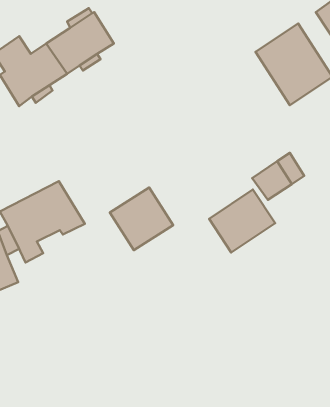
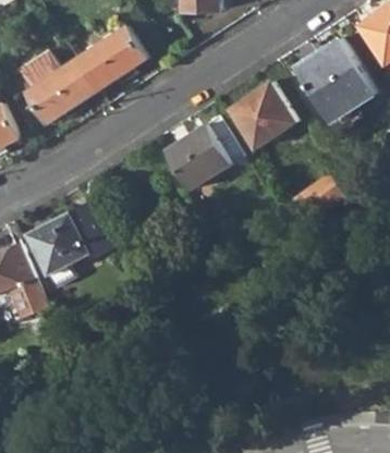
building: none -> [230,82,296,147]
building: [110,188,173,250] -> [166,123,232,188]
building: [209,189,275,253] -> none

